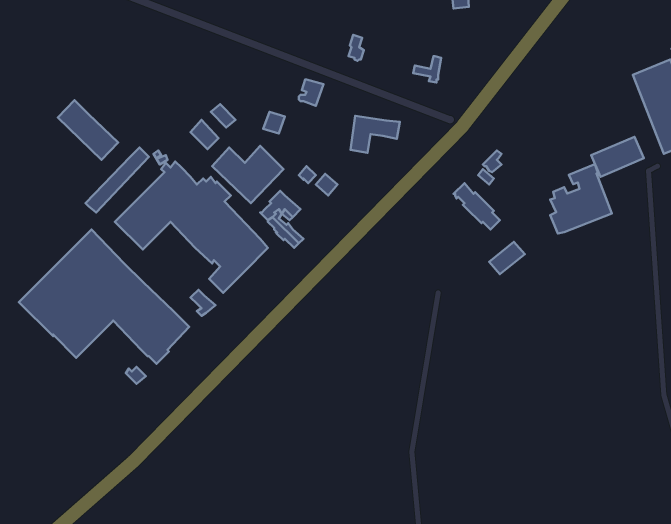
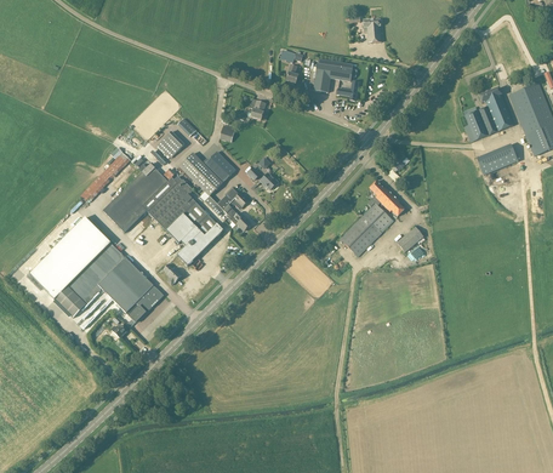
building: [58,100,118,160] -> none
building: [351,116,400,153] -> [314,63,353,92]
building: [550,164,612,234] -> [464,87,513,142]
building: none -> [340,201,394,256]

